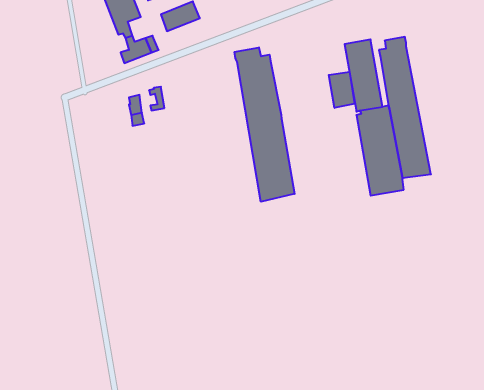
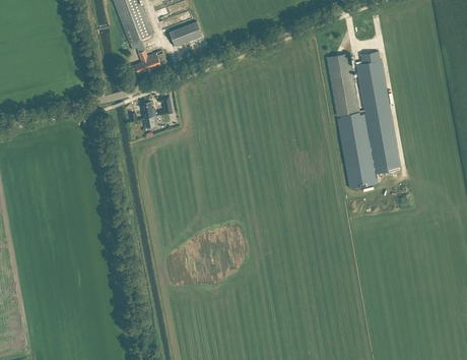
building: [235,47,295,202] -> none
building: [329,72,355,108] -> none

